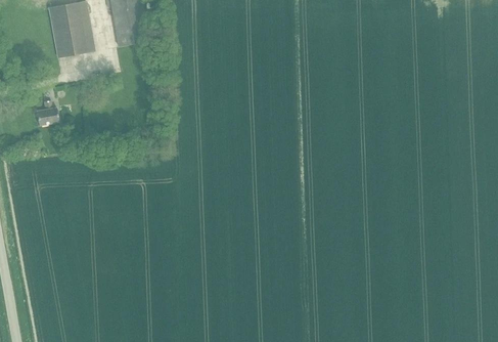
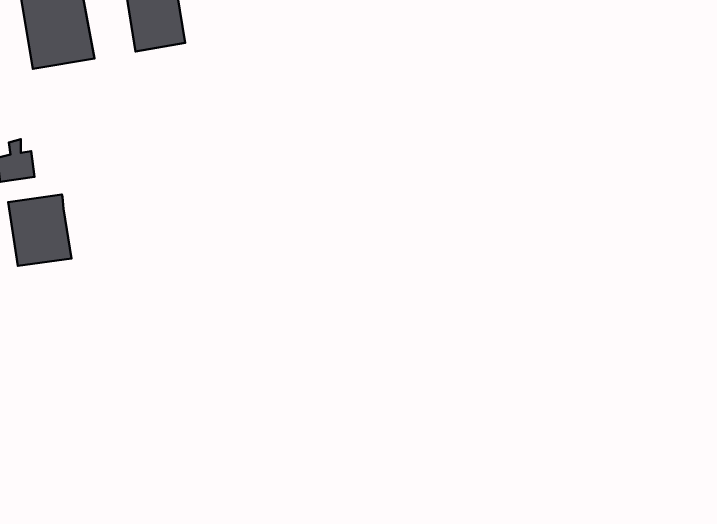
building: none -> [8,195,71,266]

